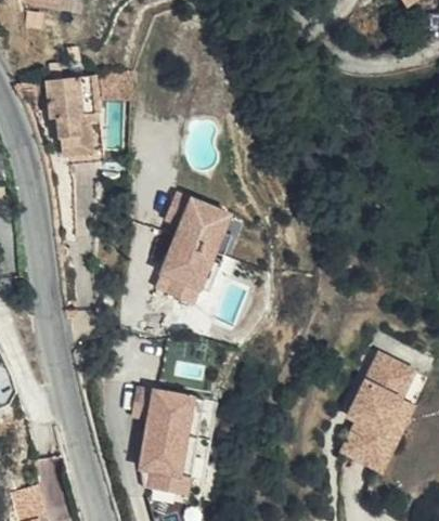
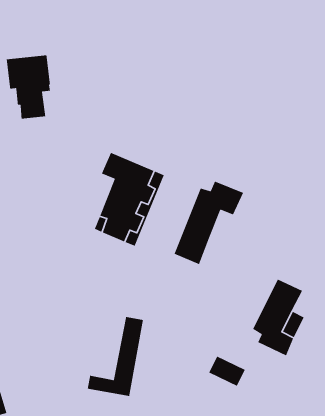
building: none -> [173,180,244,265]
building: [137,388,192,473] -> none
building: [344,428,390,467] -> [208,355,246,387]

